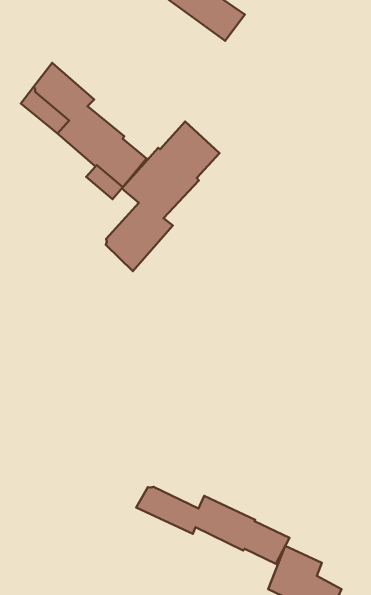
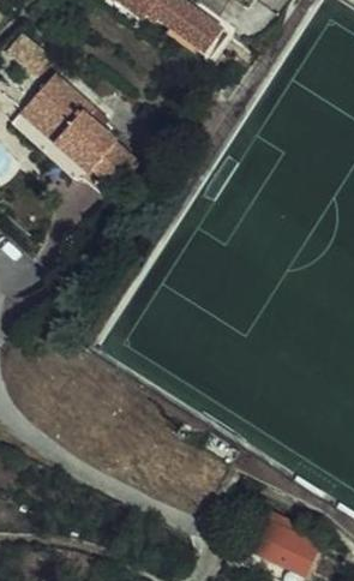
building: [106,121,220,271] -> none
building: [136,487,290,564] -> none

